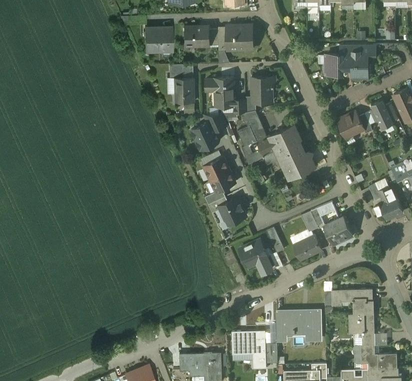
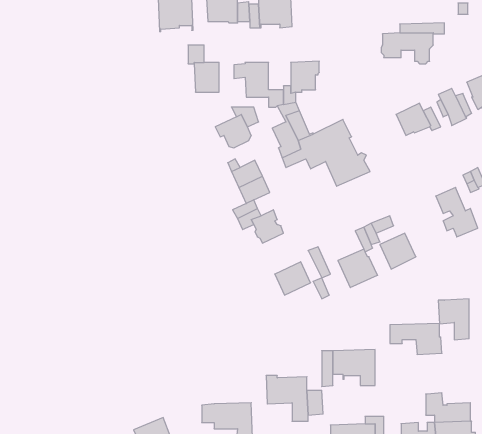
building: [349,313,374,346] -> [438,299,469,340]

